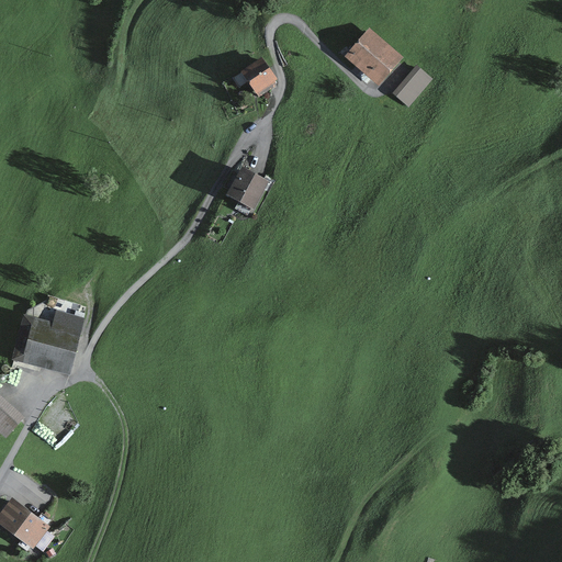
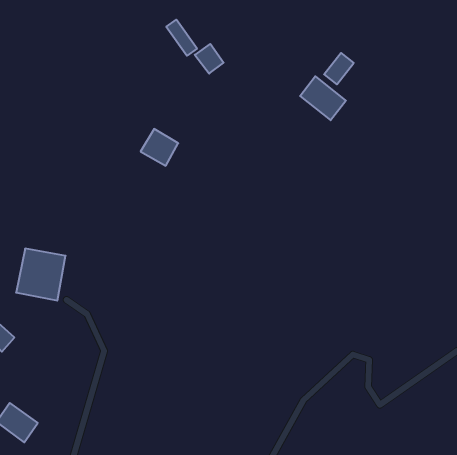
building: none -> [166,20,197,56]
building: [345,31,401,85] -> [300,76,346,120]
building: [223,168,269,213] -> [141,129,178,166]

